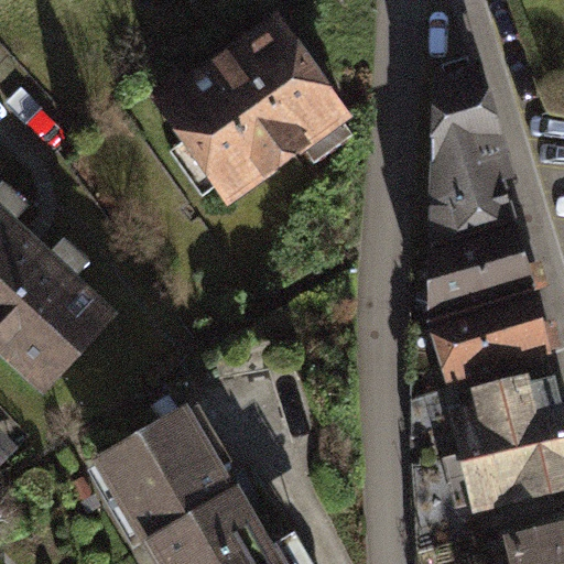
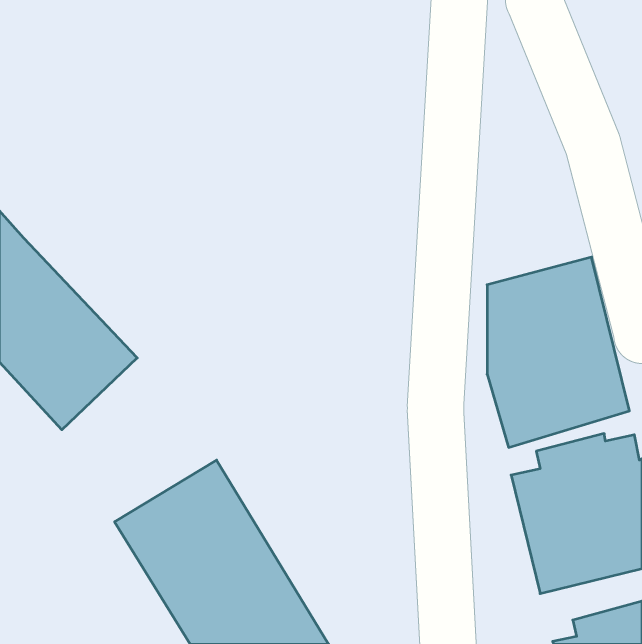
building: [152,12,356,206] -> none
building: [426,68,518,249] -> none

